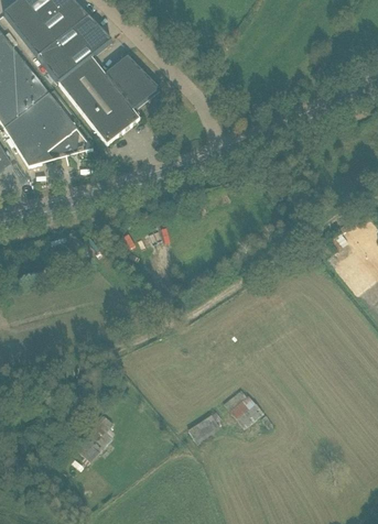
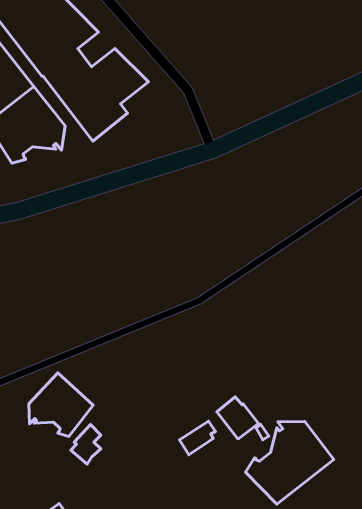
building: none -> [29,373,93,437]
building: none -> [246,421,334,504]

